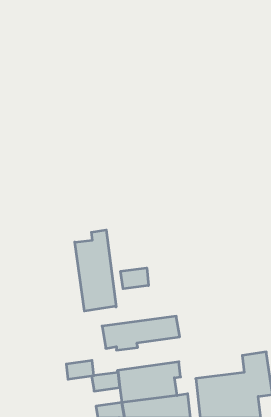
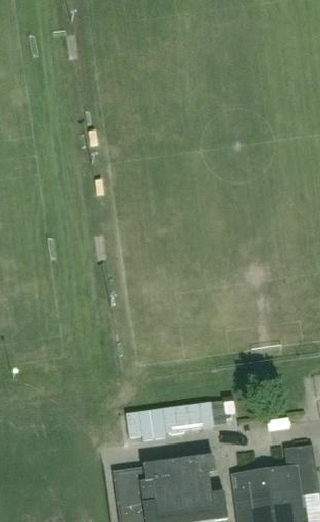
building: [75,230,116,311] -> none
building: [121,268,148,289] -> none
building: [66,360,94,379] -> [115,483,147,505]

